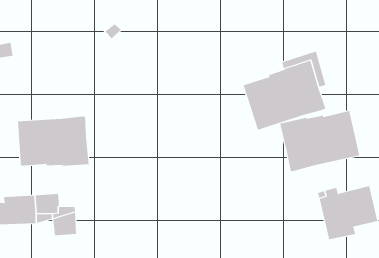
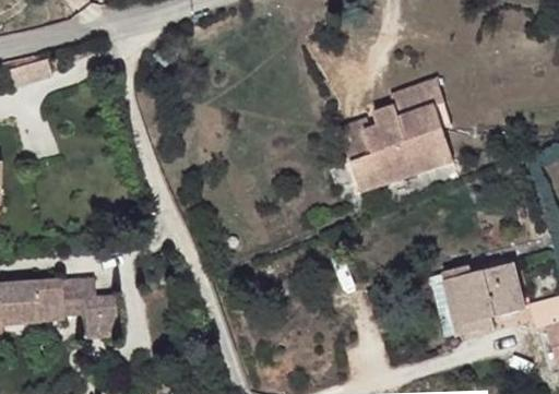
building: [279,110,360,172] -> none
building: [17,116,89,167] -> none

